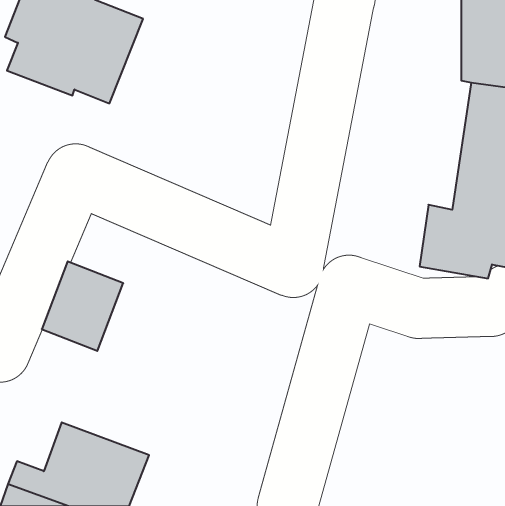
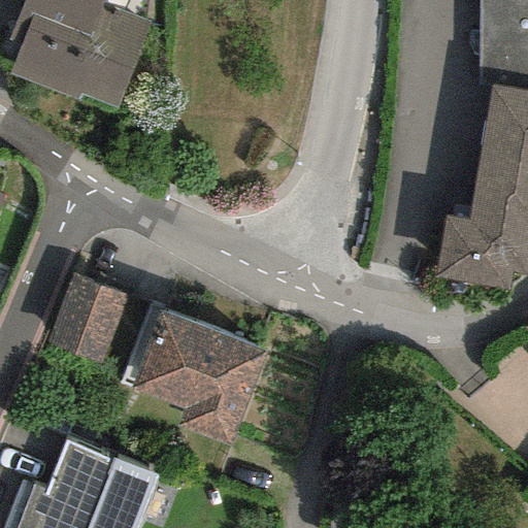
building: none -> [132,309,267,444]

